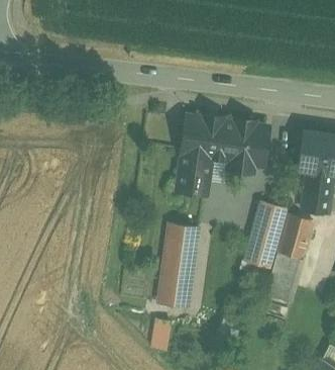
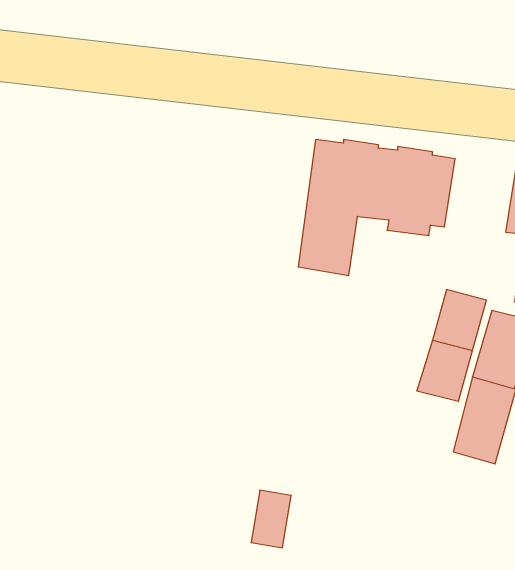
building: [157,224,197,307] -> none

